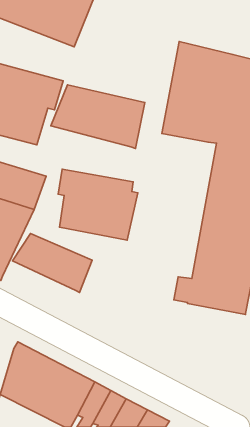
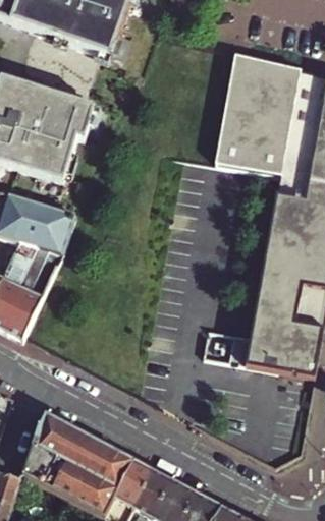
building: [51,85,145,148] -> none
building: [58,169,138,240] -> none
building: [12,234,92,293] -> none

